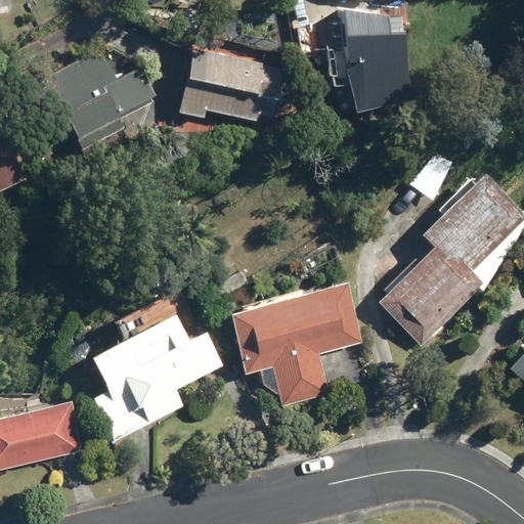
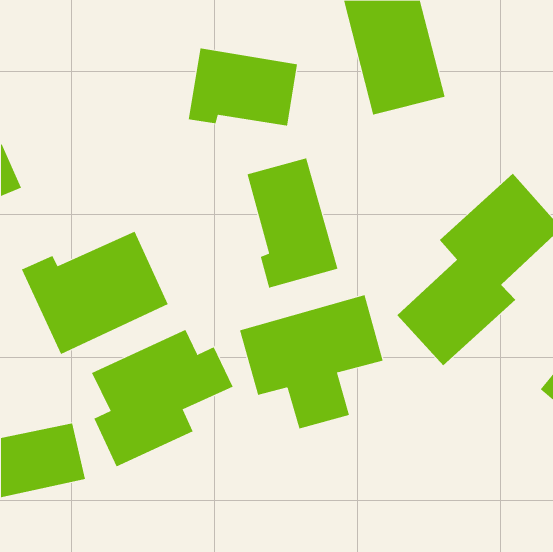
building: [7,51,155,160] -> none
building: none -> [247,158,338,289]
building: none -> [21,231,168,355]

